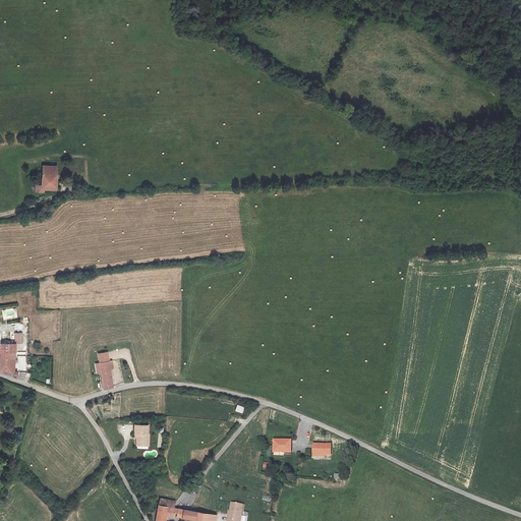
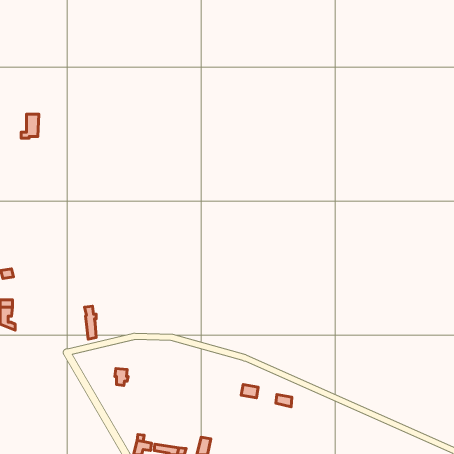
building: [36,165,56,192] -> [21,114,39,138]

